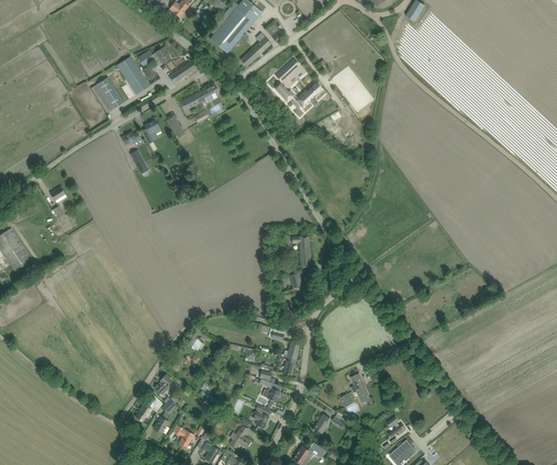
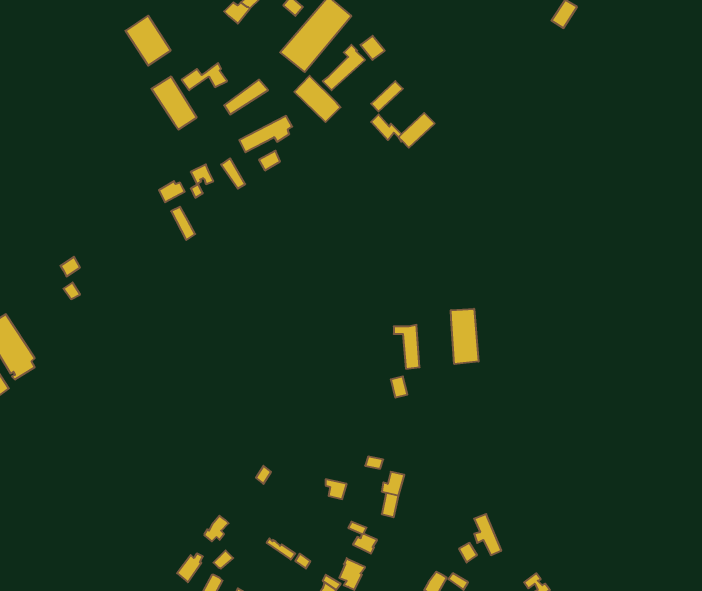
building: none -> [294,76,341,122]
building: [91,77,124,113] -> [125,16,171,66]
building: none -> [451,309,479,364]

